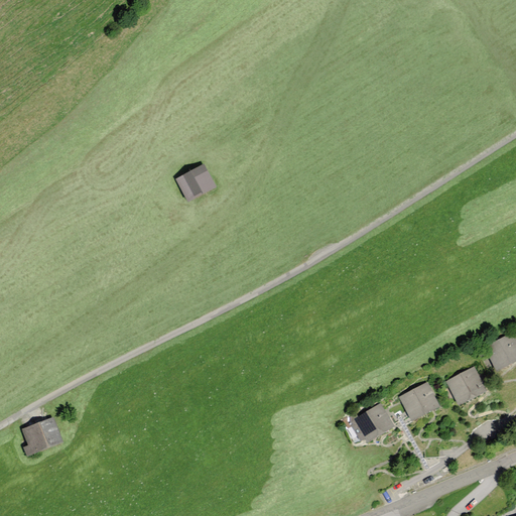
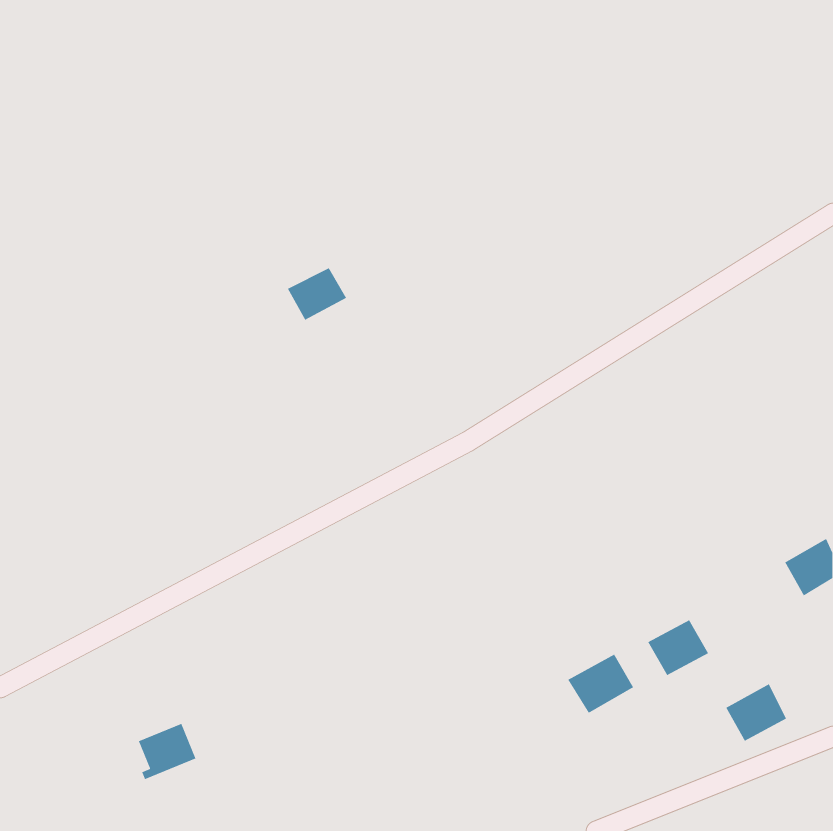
building: [446,367,485,403] -> [725,683,787,742]
building: [24,417,60,453] -> [138,723,197,780]

